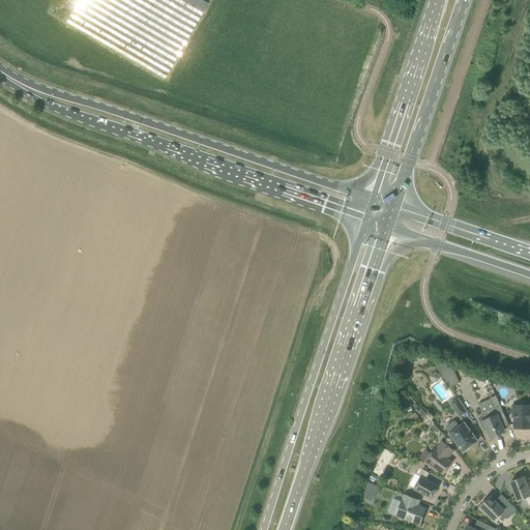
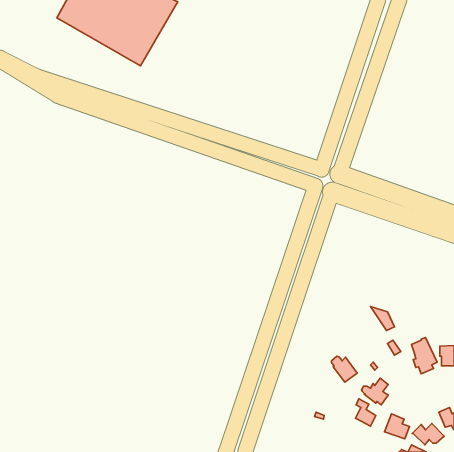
building: [447,419,477,449] -> [331,356,357,382]
building: [396,493,425,522] -> [384,414,409,439]

